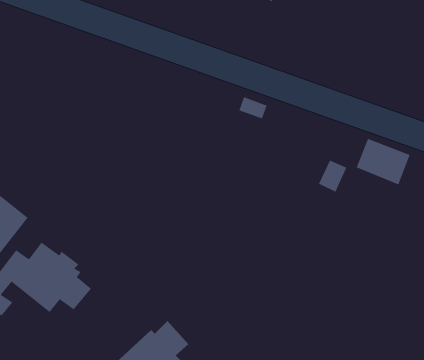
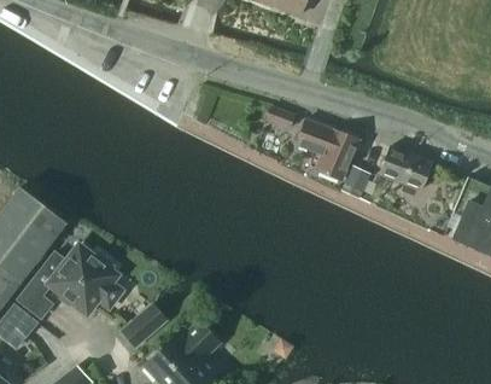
building: none -> [296,121,360,182]
building: none -> [122,304,166,347]

